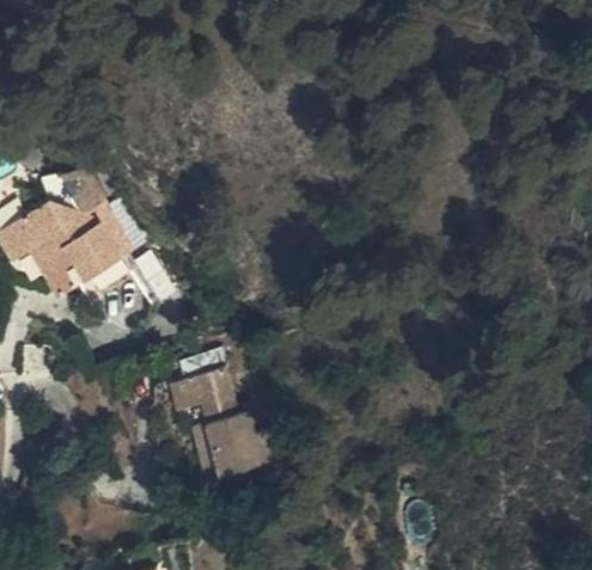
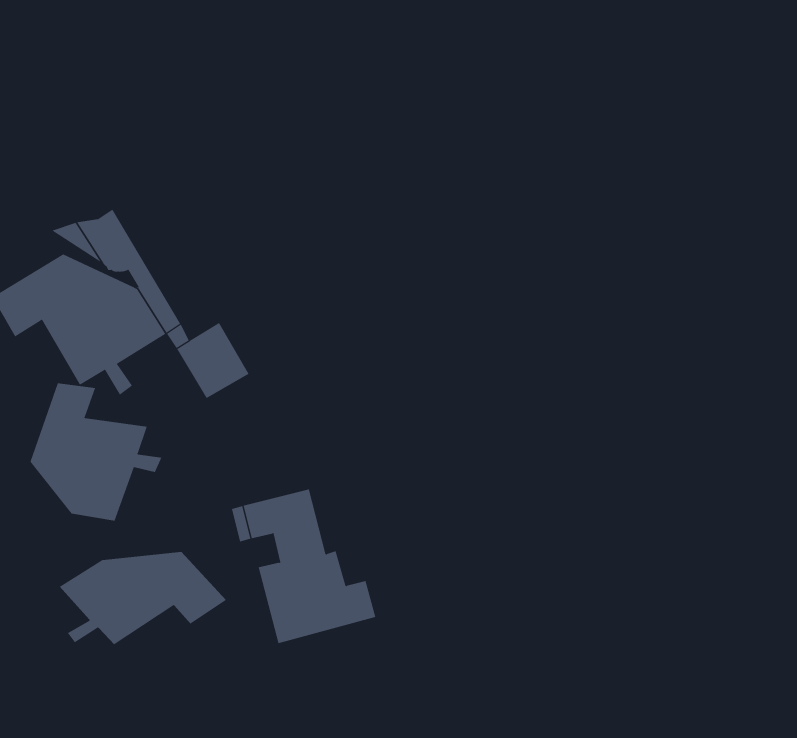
building: none -> [30,382,162,522]
building: none -> [59,551,227,645]

